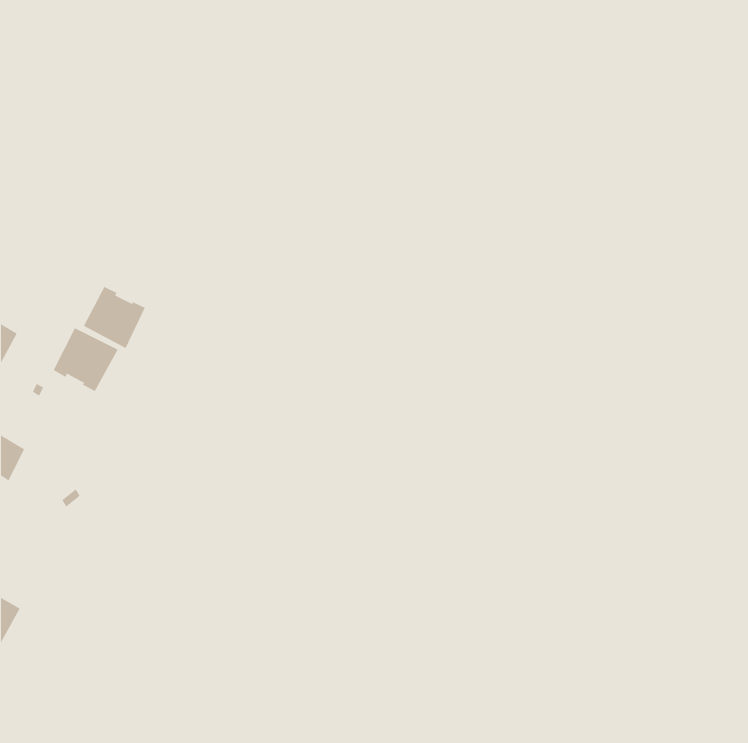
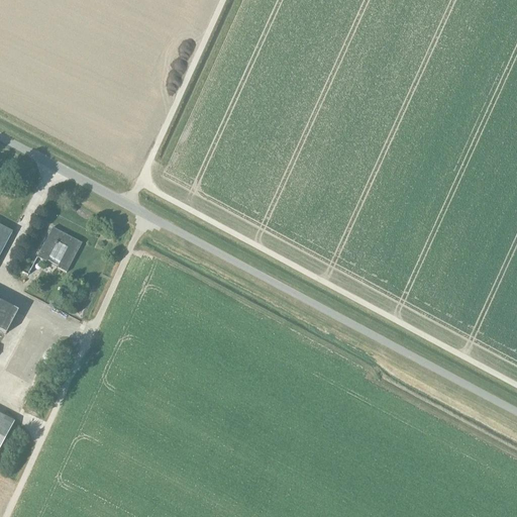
building: [83,286,146,349] -> none

